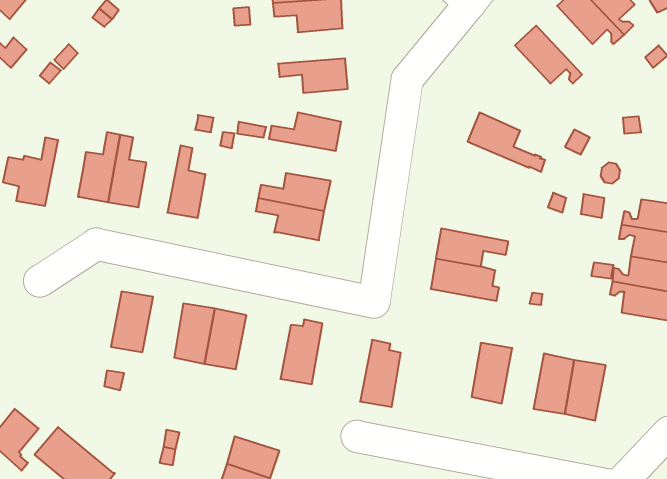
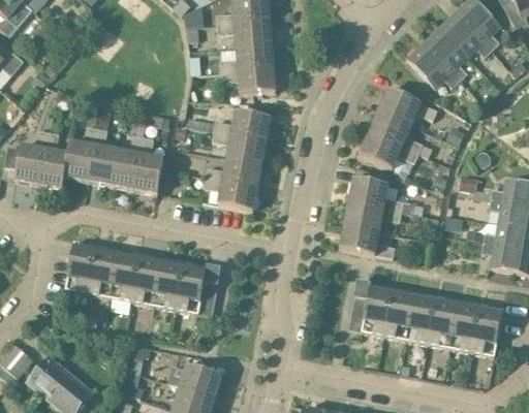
building: none -> [424,26,468,80]
building: none -> [220,43,274,71]
building: none -> [379,88,437,124]
building: none -> [213,130,267,163]
building: none -> [38,131,68,188]
building: none -> [361,132,418,167]
building: none -> [112,134,145,188]
building: none -> [349,177,415,213]
building: none -> [66,246,98,293]
building: none -> [115,254,147,301]
building: [280,320,322,384] -> [188,264,221,315]
building: [360,340,401,407] -> [348,280,380,332]
building: none -> [397,294,430,342]
building: none -> [470,308,503,355]

